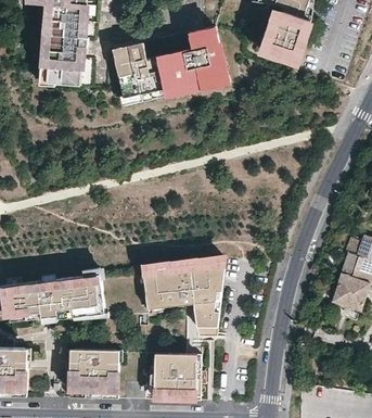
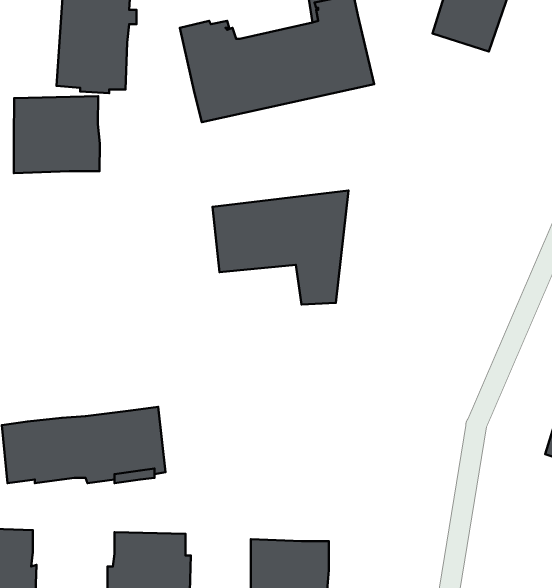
building: none -> [14,96,100,173]
building: [143,259,225,328] -> [212,190,349,305]

